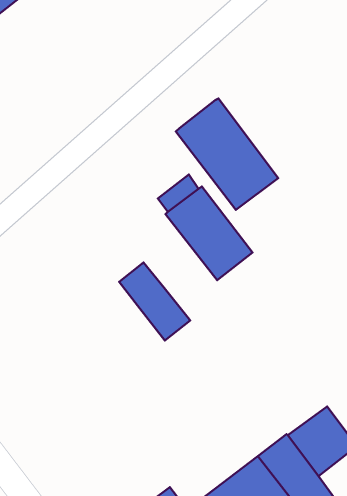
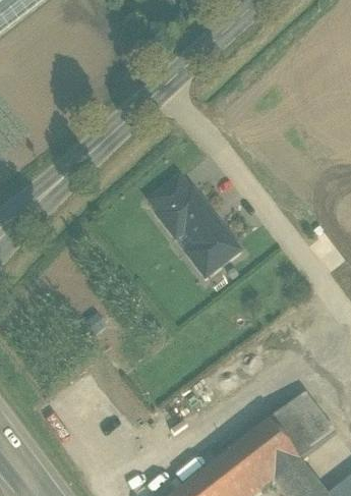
building: [176,98,278,210] -> none
building: [119,263,190,340] -> none

